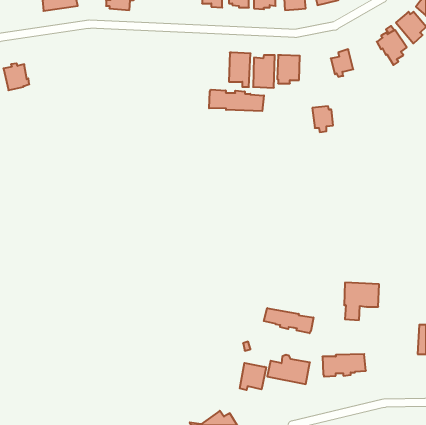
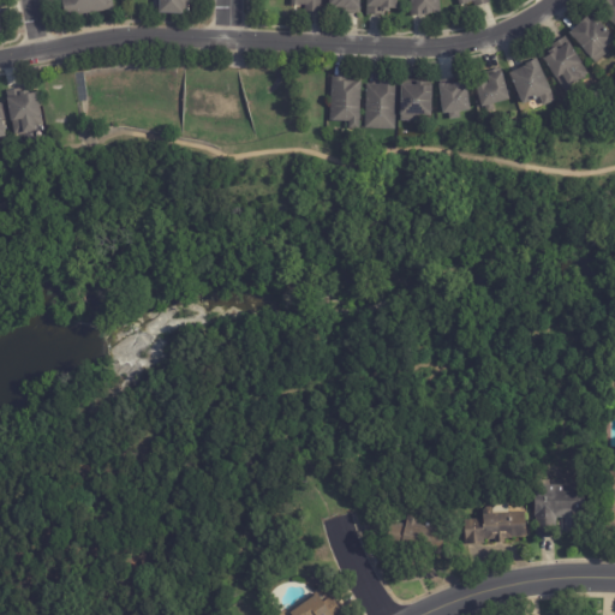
building: none -> [509,59,554,105]
building: [209,90,264,111] -> none
building: [312,106,333,132] -> [438,82,468,119]
building: [344,283,379,320] -> [533,480,584,535]
building: [264,308,313,333] -> none
building: [240,363,266,390] -> none

